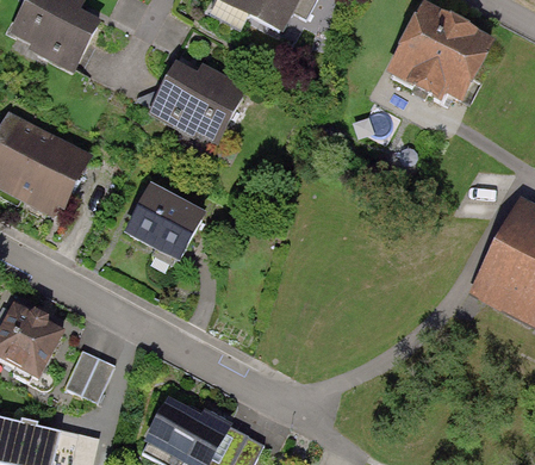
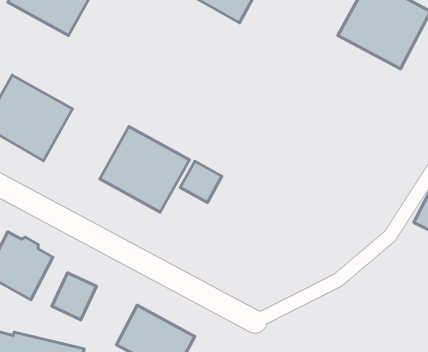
building: [143,50,247,151] -> none
building: none -> [180,161,222,203]

